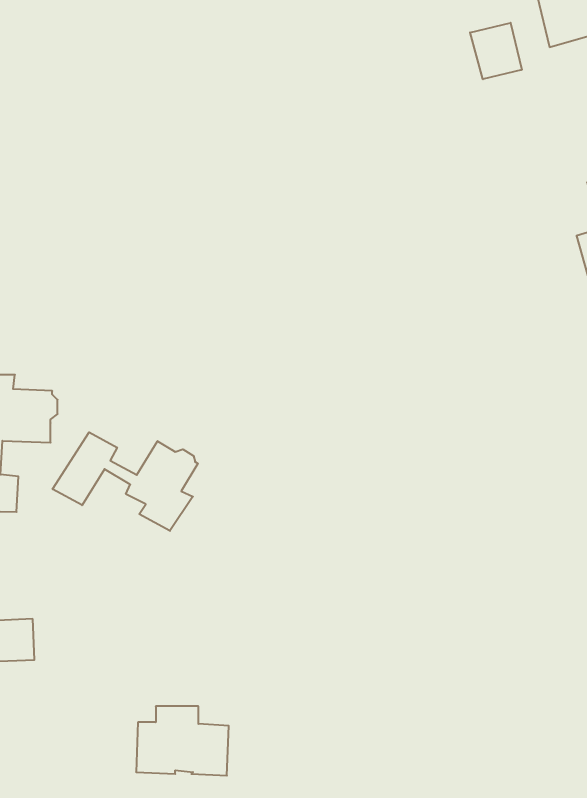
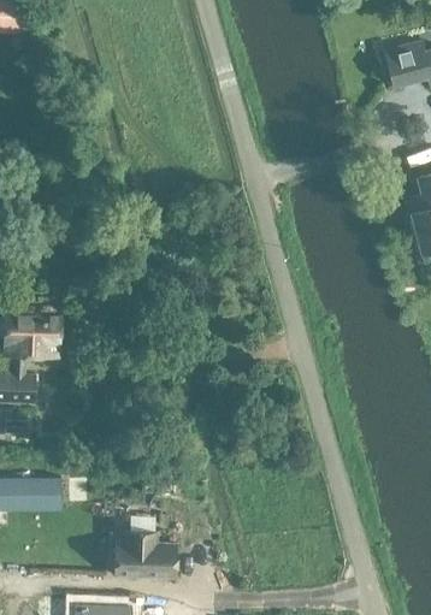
building: [470,23,522,79] -> none
building: [53,432,198,531] -> none

